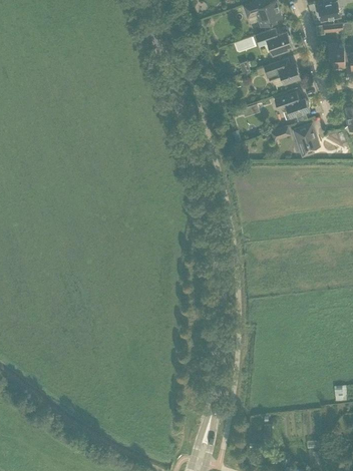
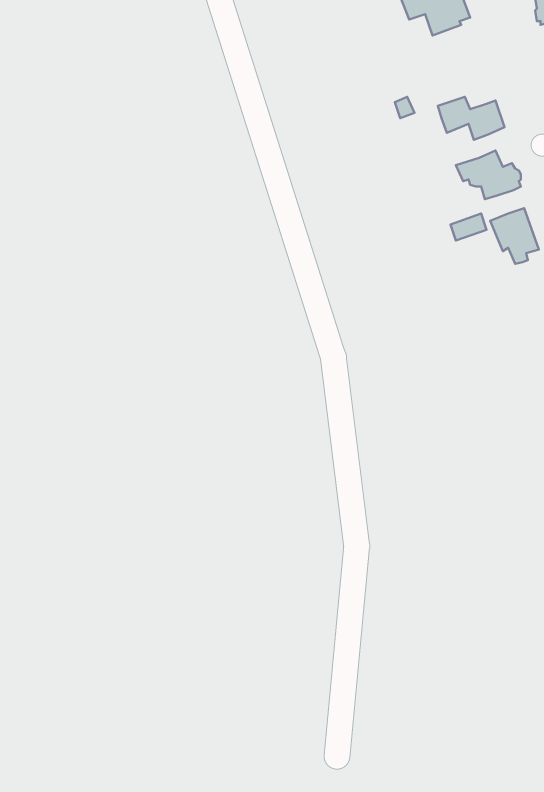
building: [254,27,292,55] -> none

